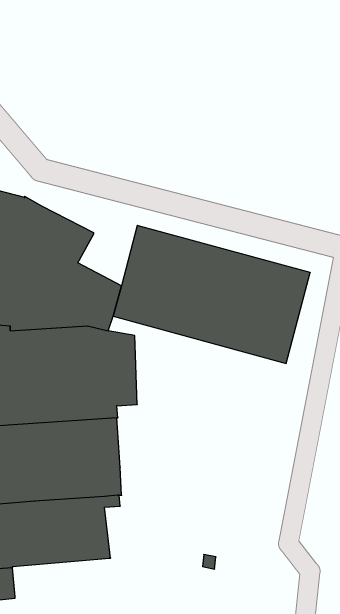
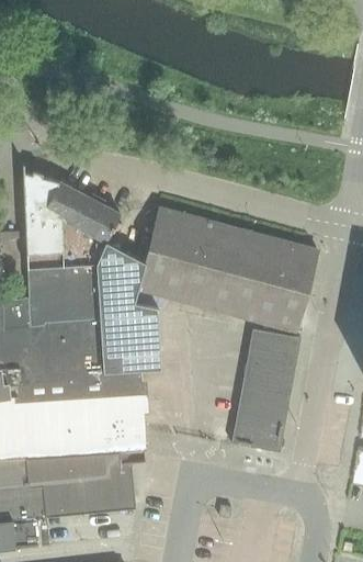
building: none -> [230,329,299,452]

